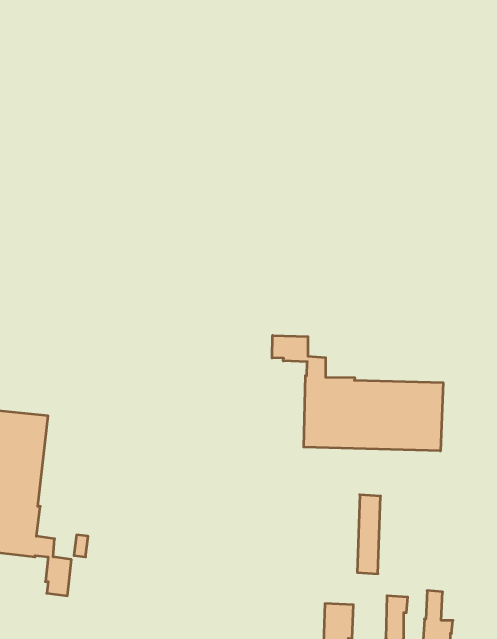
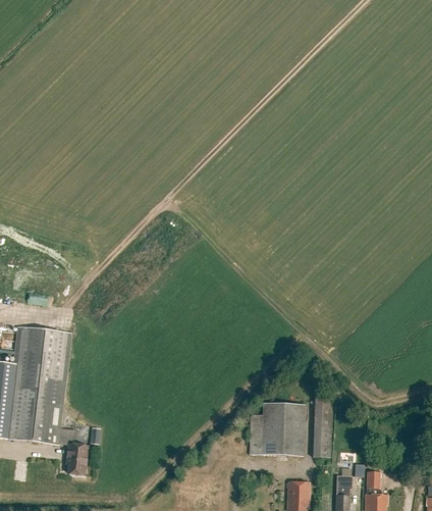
building: [272,335,443,451] -> none
building: none -> [250,403,305,456]

